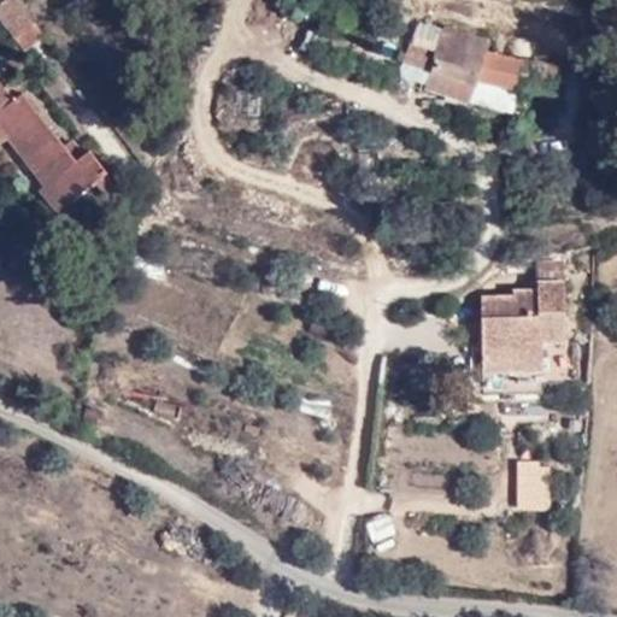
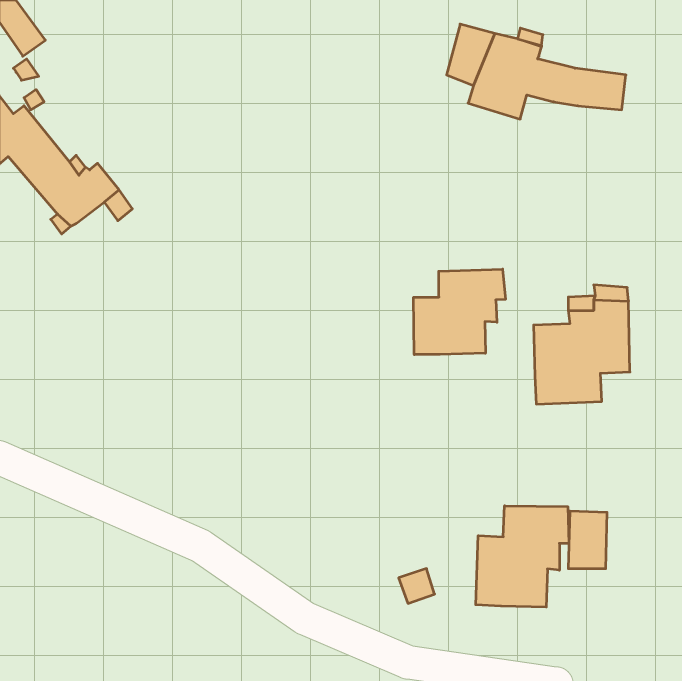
building: none -> [414,269,505,355]
building: none -> [476,506,569,607]

